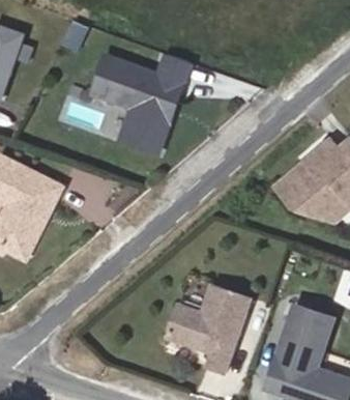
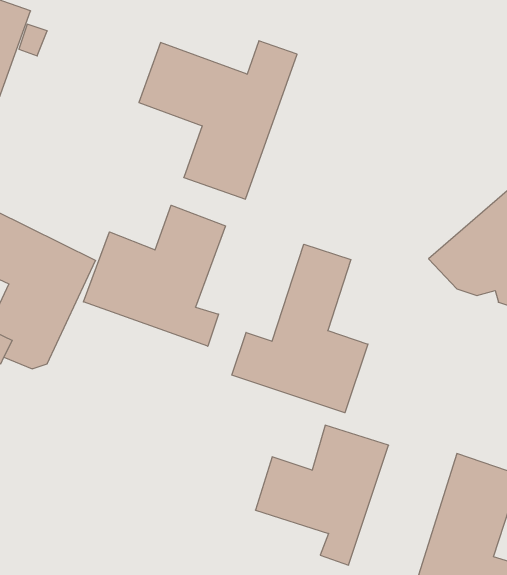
building: none -> [83,205,226,346]
building: none -> [232,244,368,413]

